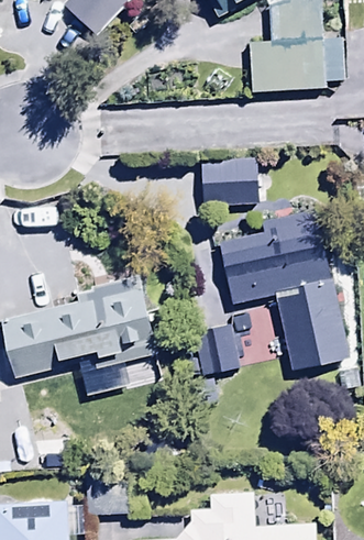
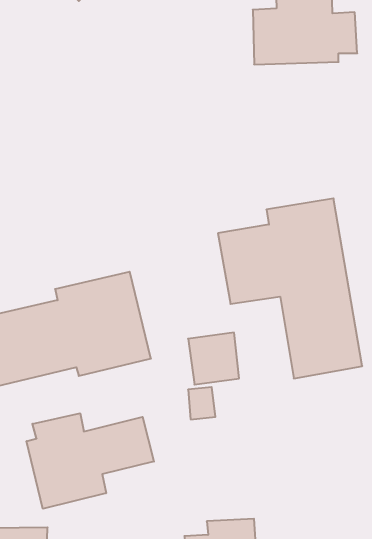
building: [202,157,256,202] -> none
building: none -> [27,413,154,509]

